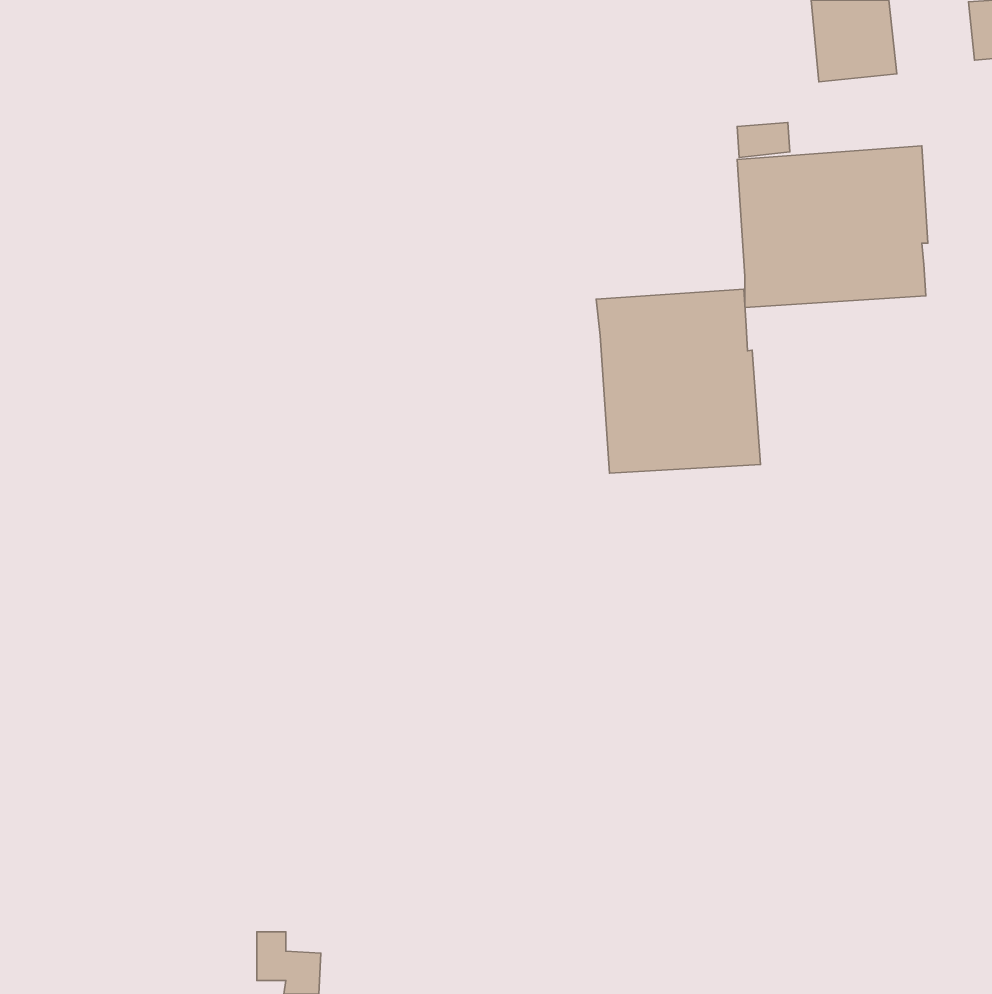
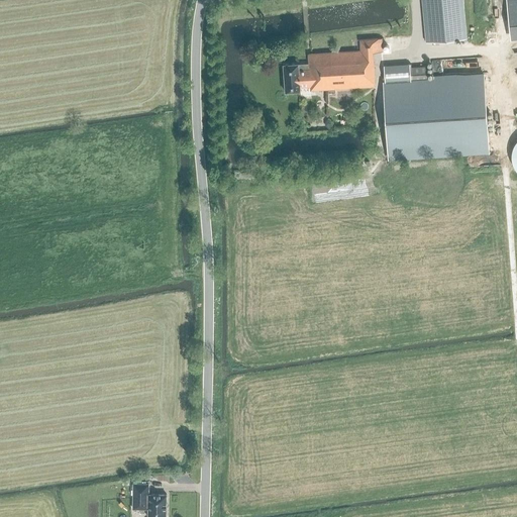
building: none -> [284,37,395,93]
building: [596,289,761,473] -> none

